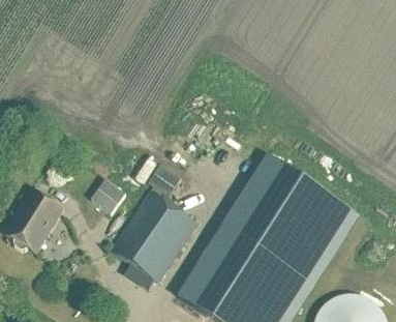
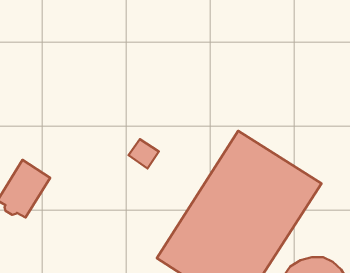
building: [89,177,124,212] -> none
building: [111,191,196,280] -> none

